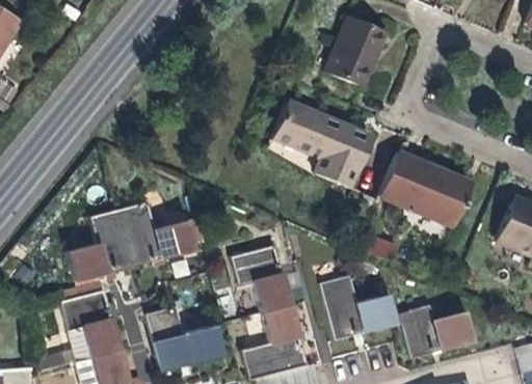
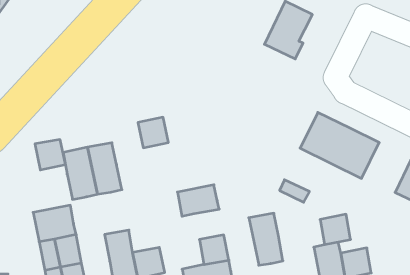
building: [275,101,370,187] -> none
building: [156,219,194,257] -> [138,117,168,148]
building: [66,243,105,281] -> [35,140,65,170]
building: [254,274,291,312] -> none
building: [357,294,396,332] -> [320,214,351,245]

